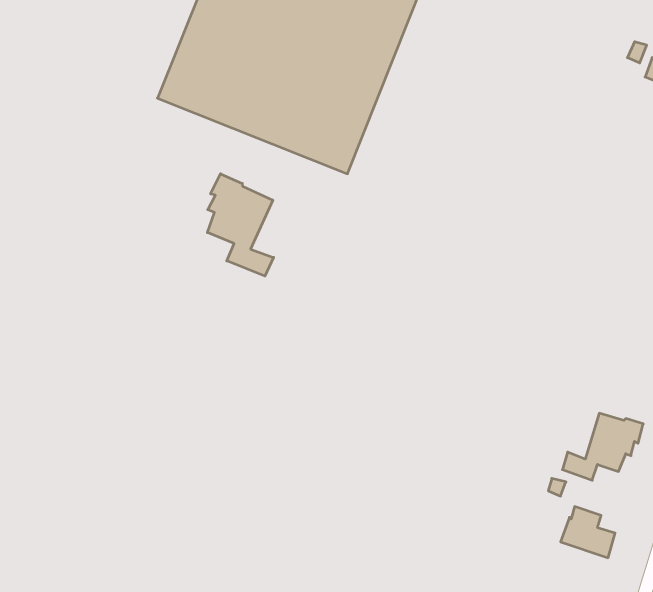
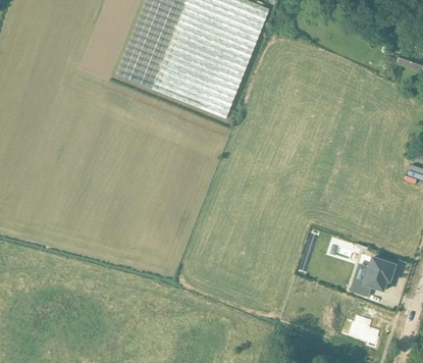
building: [207,174,274,276] -> none

